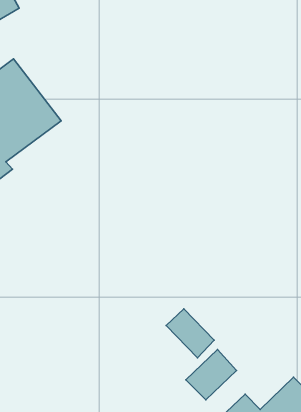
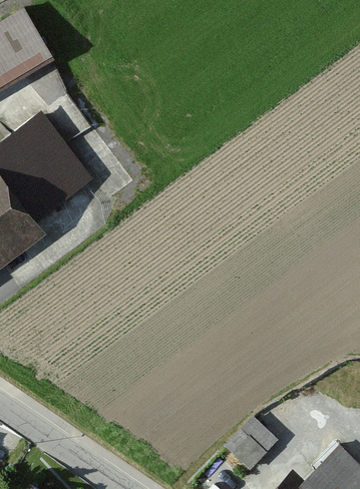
building: [166,309,214,358] -> none

